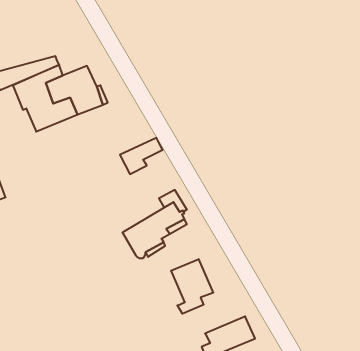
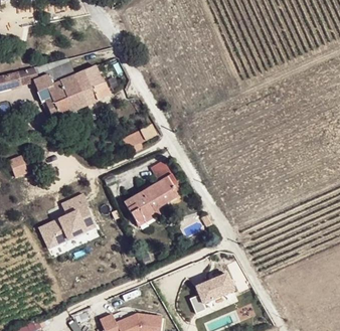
building: none -> [39,194,96,247]
building: [171,259,213,314] -> none

